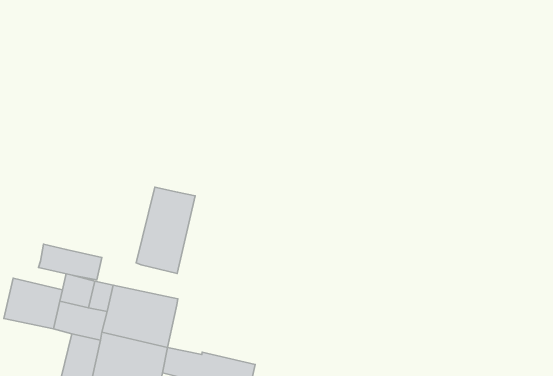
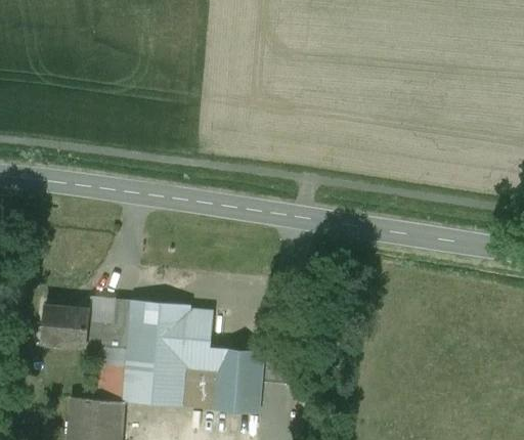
building: [136,187,195,273] -> none
building: [38,244,102,280] -> none
building: none -> [186,310,217,350]

